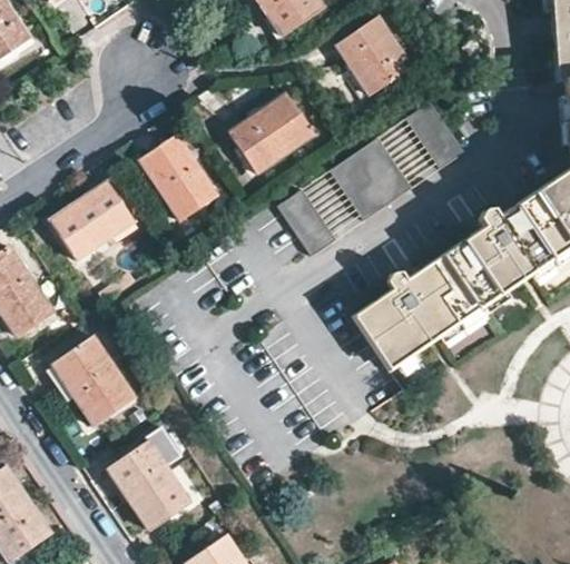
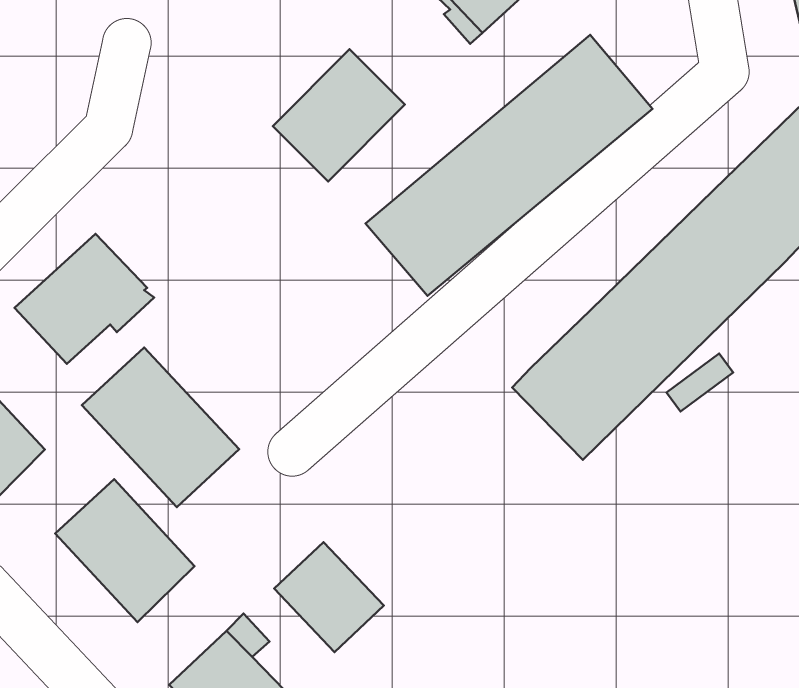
building: [140,135,216,219] -> none
building: none -> [82,347,239,507]
building: none -> [274,542,384,652]

